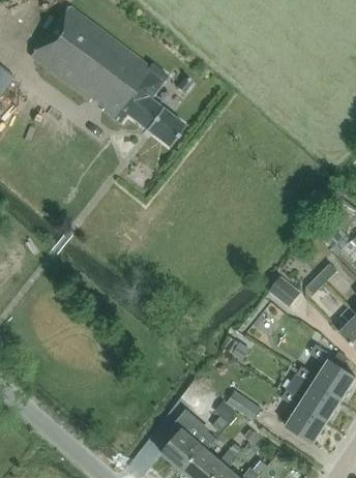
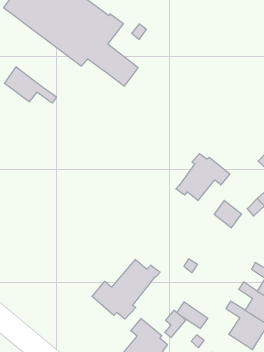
building: none -> [4,67,57,103]
building: none -> [176,154,230,201]
building: none -> [92,259,160,319]

